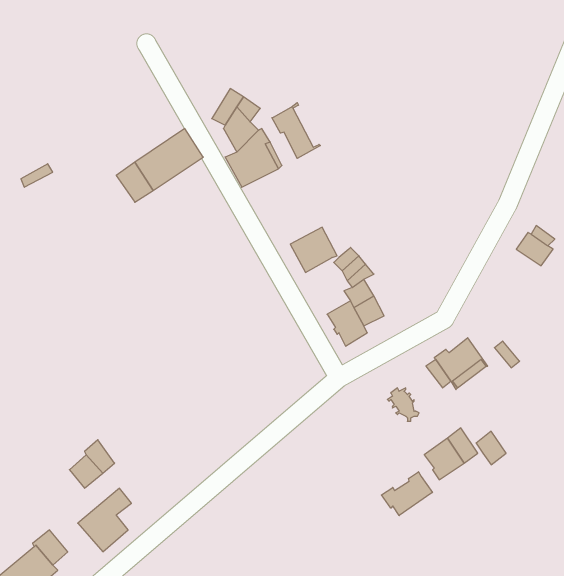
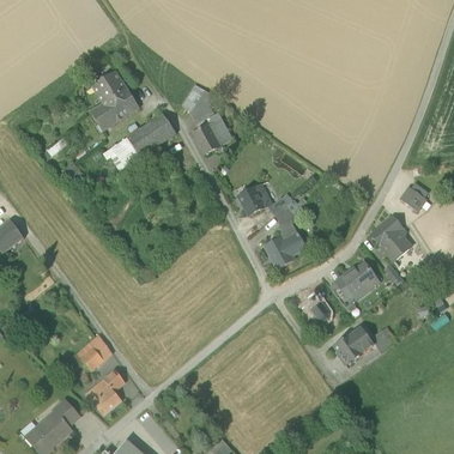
building: none -> [89,71,138,131]
building: [272,103,320,158] -> none
building: none -> [369,216,411,261]
building: [381,472,432,516] -> none

